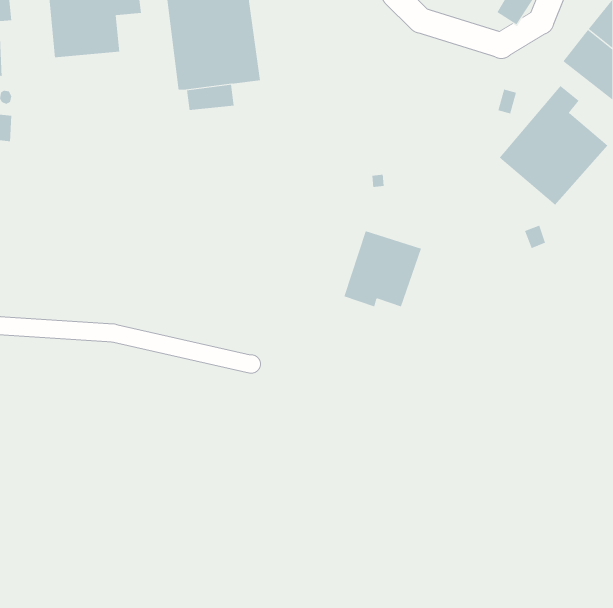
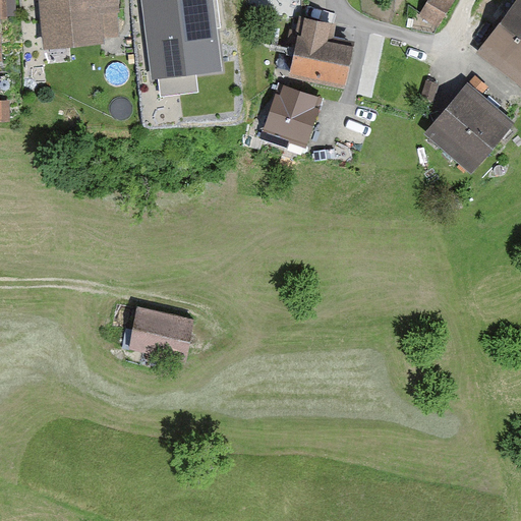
building: none -> [286,16,354,89]
building: [344,230,422,307] -> [258,81,325,147]
building: none -> [130,308,195,361]

